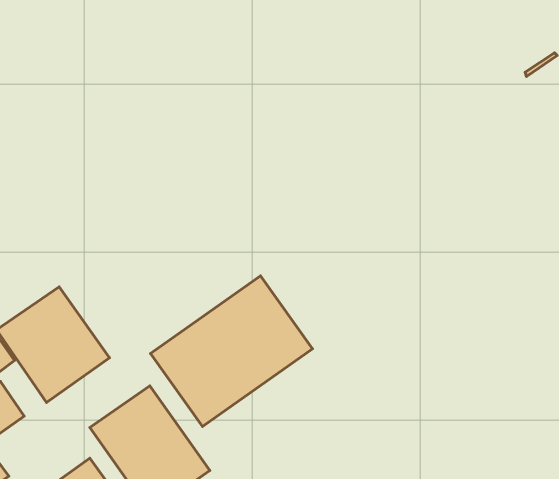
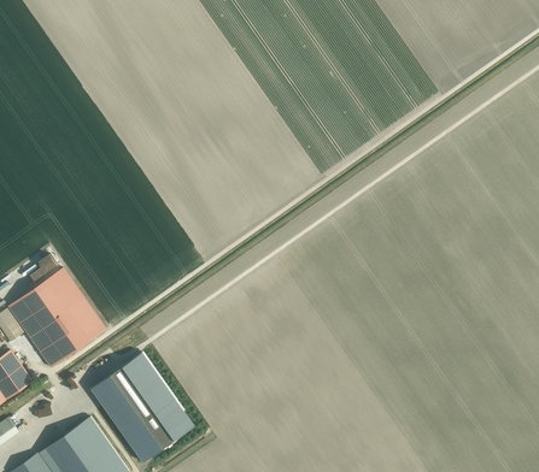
building: [150,276,313,426] -> none

